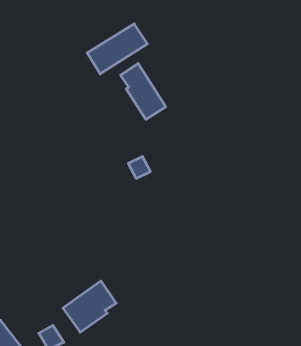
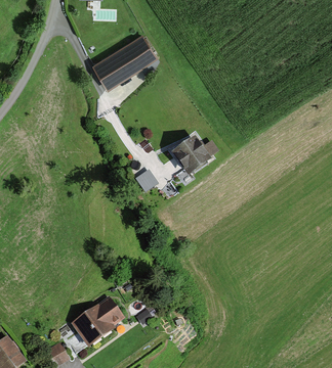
building: [121,63,166,119] -> none
building: none -> [172,137,209,174]

